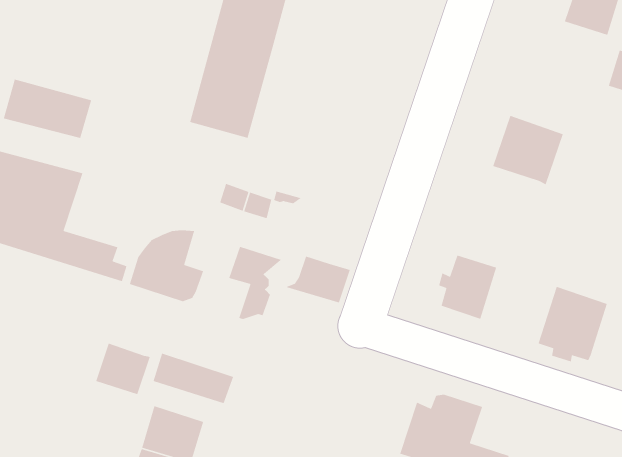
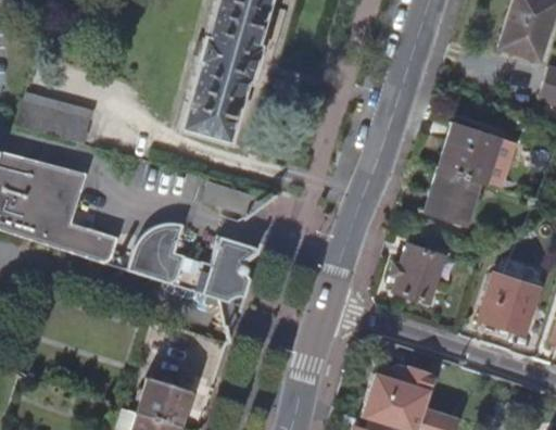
building: none -> [428,168,481,223]
building: [284,256,351,303] -> [174,258,231,300]
building: [95,343,151,395] -> none

